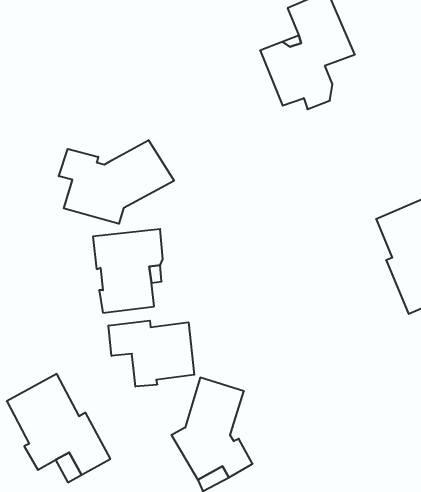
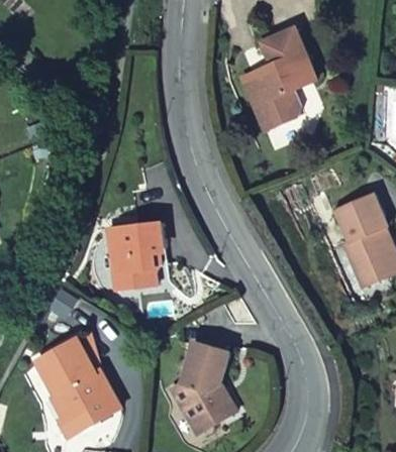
building: [59,140,174,224] -> none
building: [109,321,194,387] -> none

